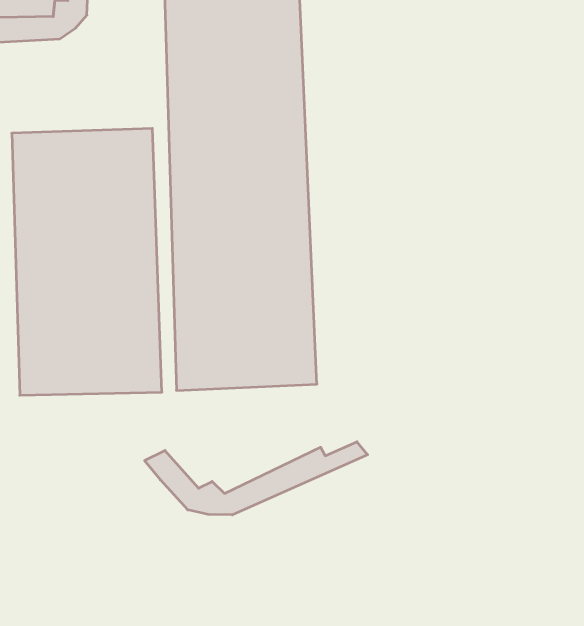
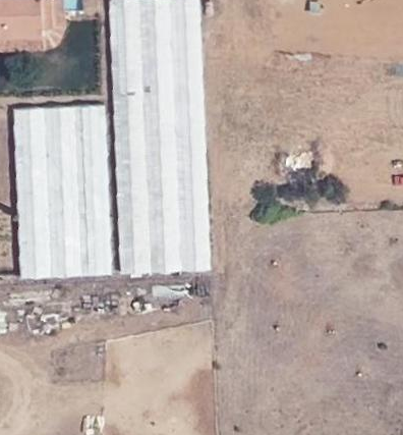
building: [145,442,368,515] -> none

